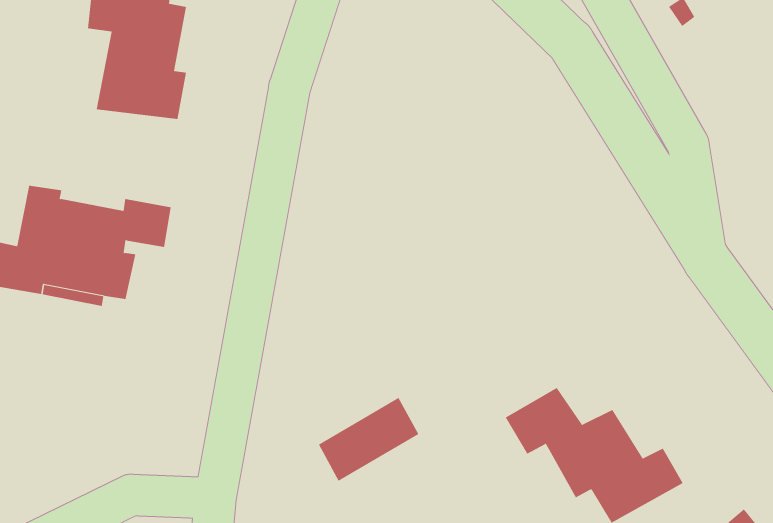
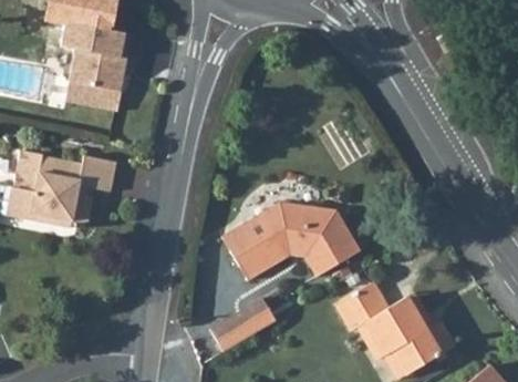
building: none -> [222,202,361,278]

